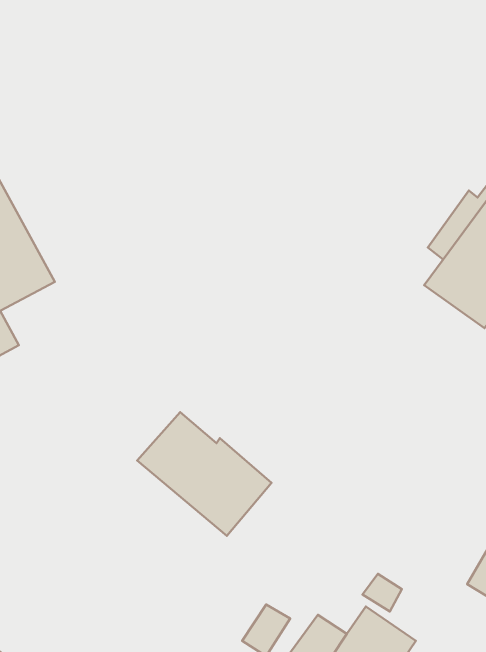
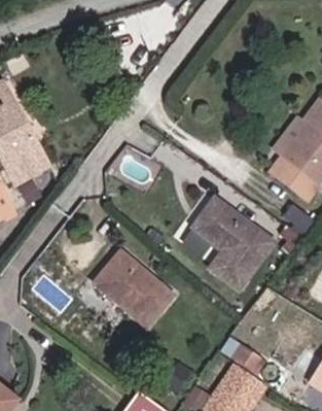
building: none -> [192,195,274,286]

